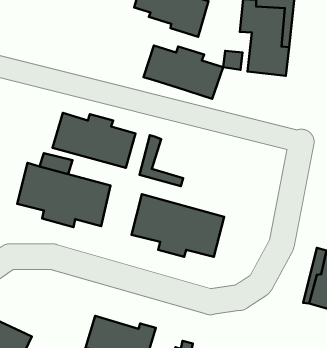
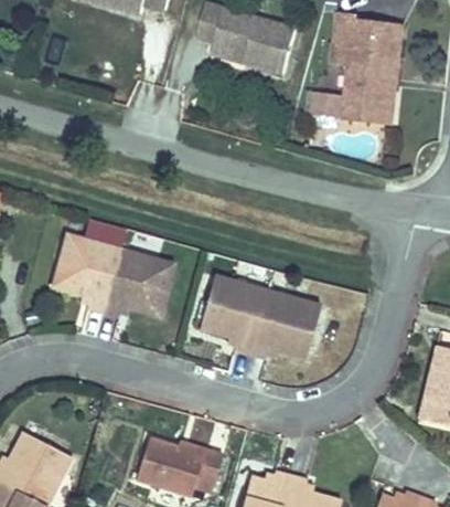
building: [144,45,223,99] -> none
building: [53,113,136,168] -> none
building: [139,135,183,186] -> none

